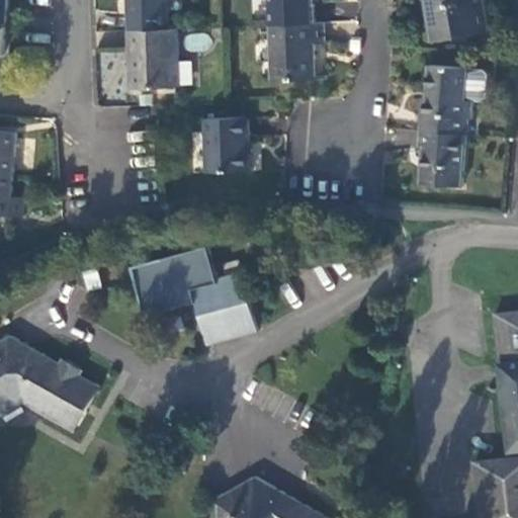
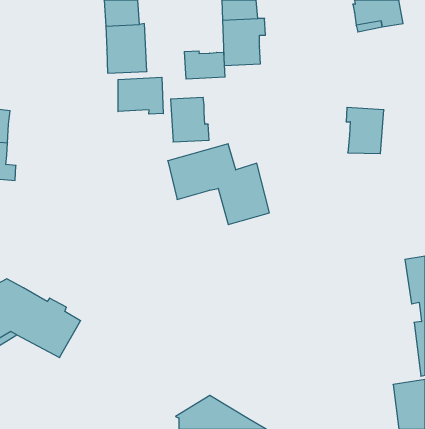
building: none -> [184,51,225,79]
building: [418,65,486,133] -> none
building: none -> [118,77,163,114]
building: [133,248,255,345] -> [168,144,269,225]

